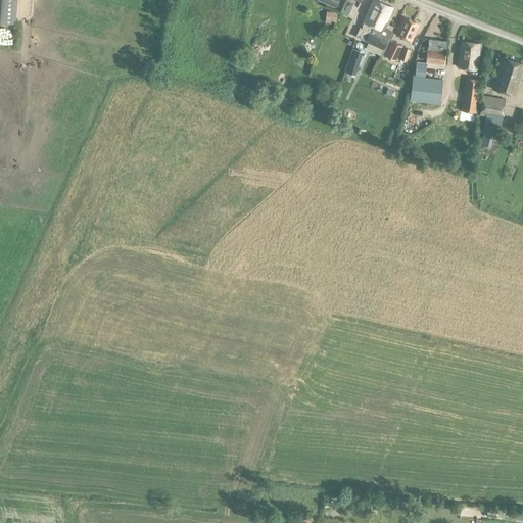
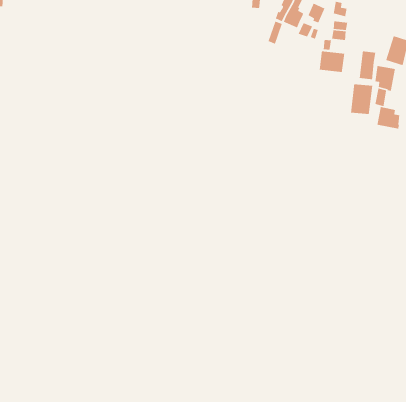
building: [458,41,481,68] -> none
building: none -> [350,83,373,115]
building: none -> [376,106,400,129]

